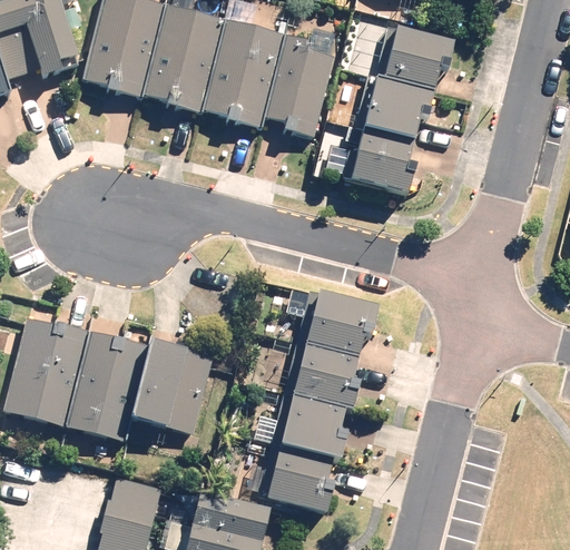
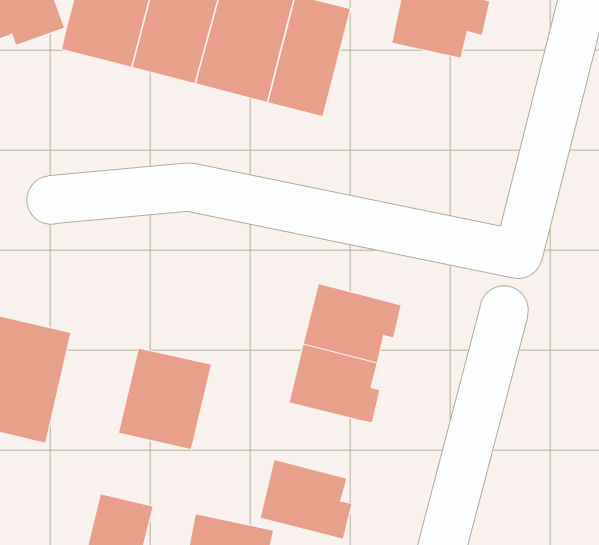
building: [361,76,433,138] -> none
building: [348,132,419,190] -> none
building: [68,331,149,441] -> none
building: [268,392,350,461] -> none

